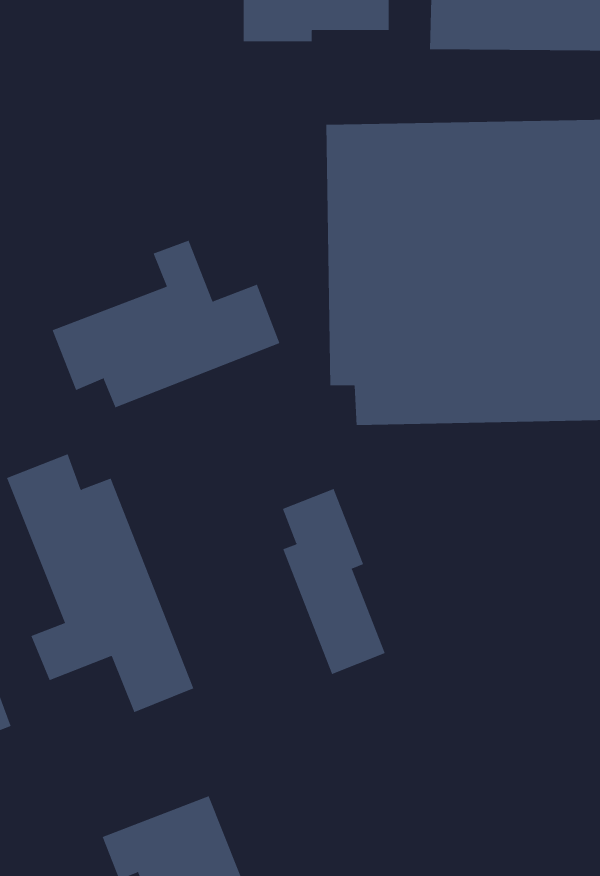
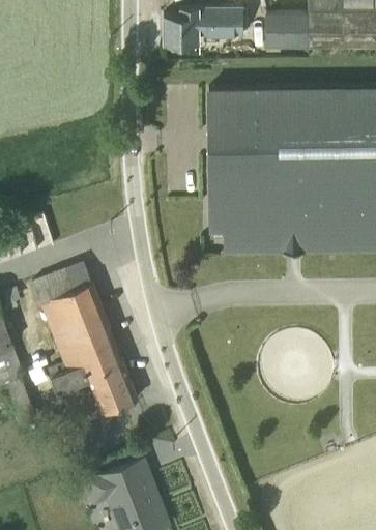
building: [52,240,280,408] -> none
building: [282,488,386,675] -> none

